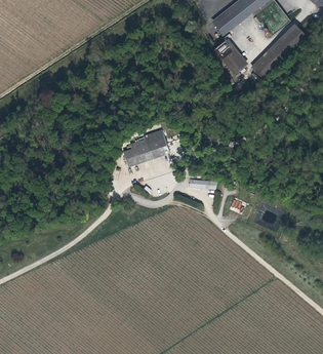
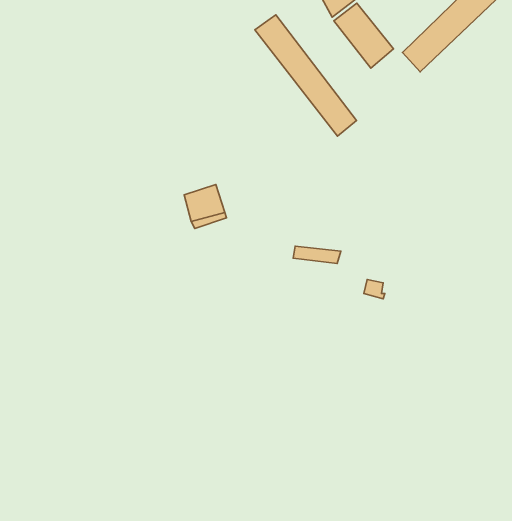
building: none -> [255,15,357,136]
building: [146,126,170,155] -> none

